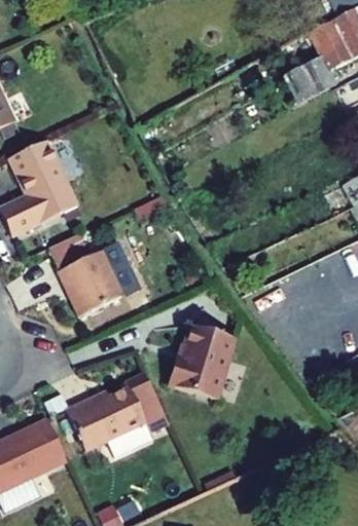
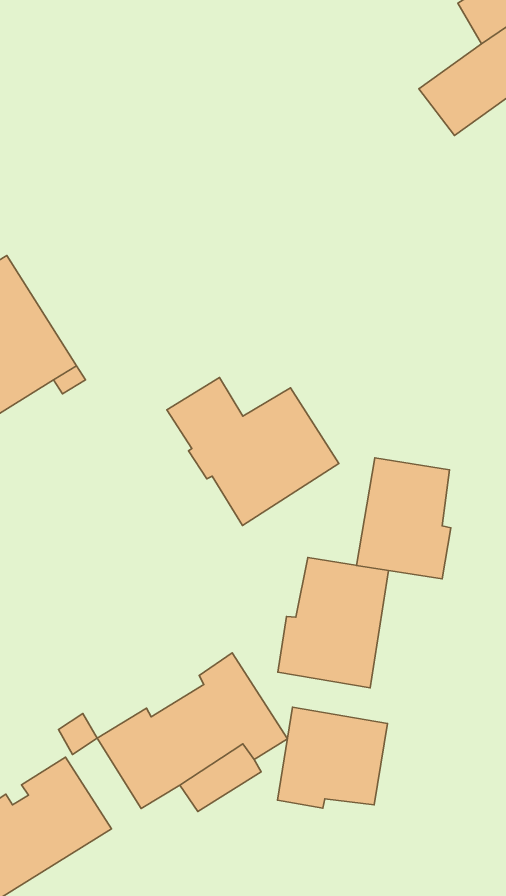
building: [47,232,138,314] -> [167,377,339,525]
building: none -> [356,458,451,579]
building: none -> [278,707,387,808]

